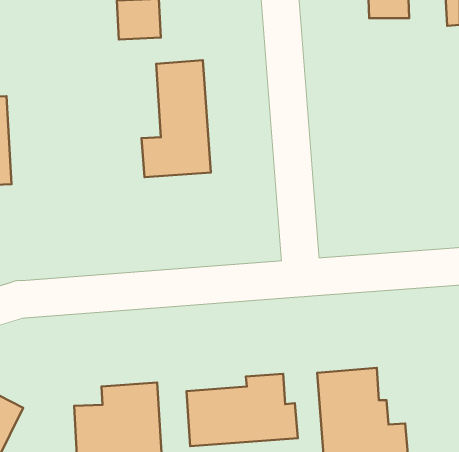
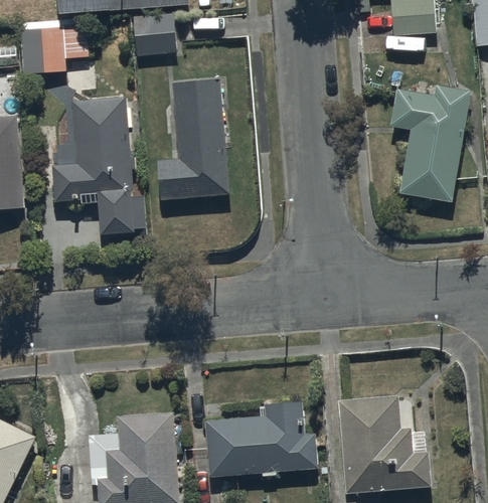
building: none -> [20,27,90,72]
building: none -> [388,83,469,202]
building: none -> [52,97,147,230]

